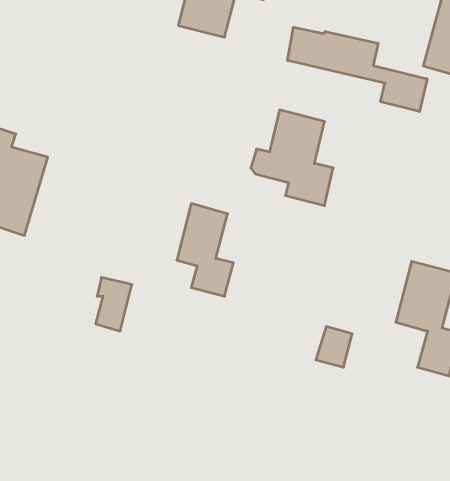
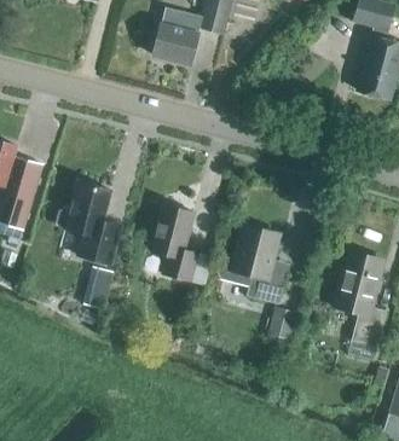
building: [288,27,427,112] -> none
building: [251,110,333,206] -> [219,224,288,303]
building: none -> [56,181,121,263]

